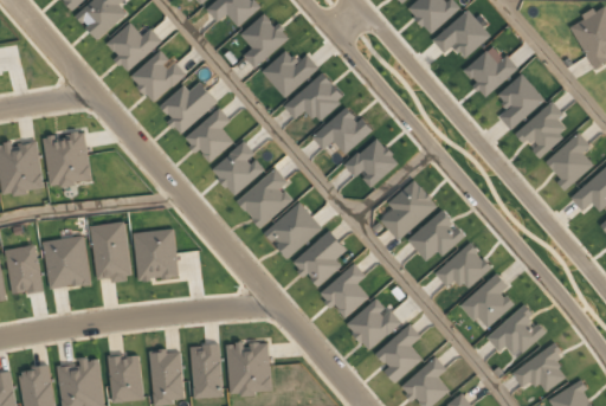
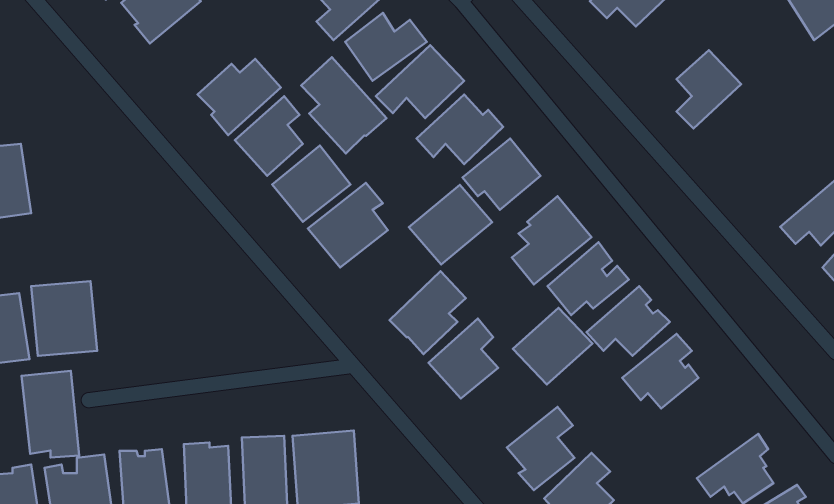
building: [465,46,520,98] -> none
building: [131,50,187,103] -> none
building: none -> [301,57,386,153]
building: [516,101,562,160] -> none
building: [44,130,94,187] -> none
building: [544,134,588,193] -> none
building: [265,202,323,258] -> [409,185,492,265]
building: [91,223,131,283] -> [22,371,79,457]
building: [134,228,180,281] -> none
building: [347,297,402,350] -> [513,308,593,384]
building: [484,303,544,353] -> none

